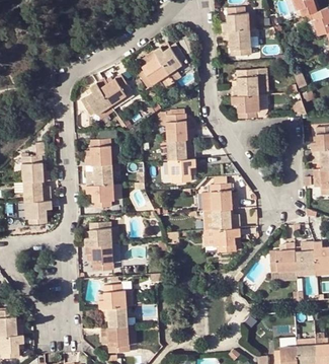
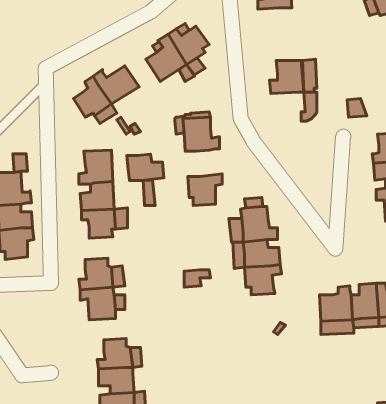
building: [223,30,251,56] -> none
building: [233,95,259,119] -> none
building: [167,140,195,160] -> [127,154,164,181]

